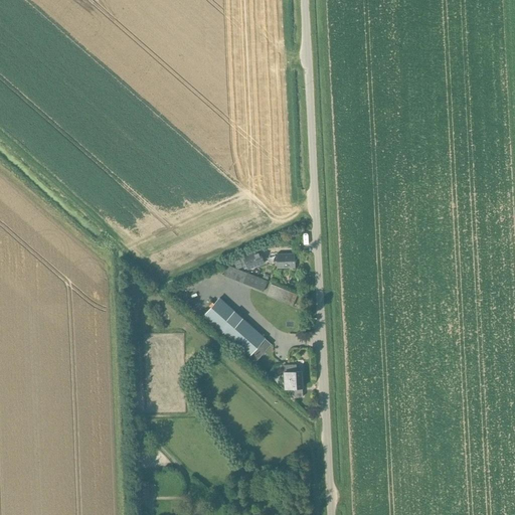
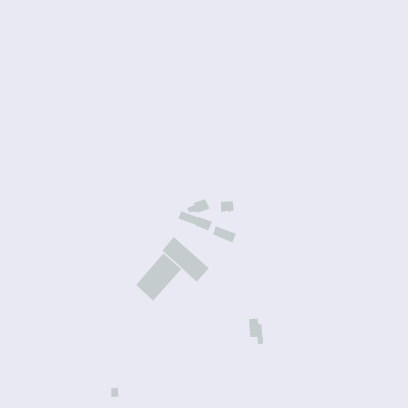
building: none -> [136,252,182,301]
building: [285,363,304,396] -> [249,318,264,345]

